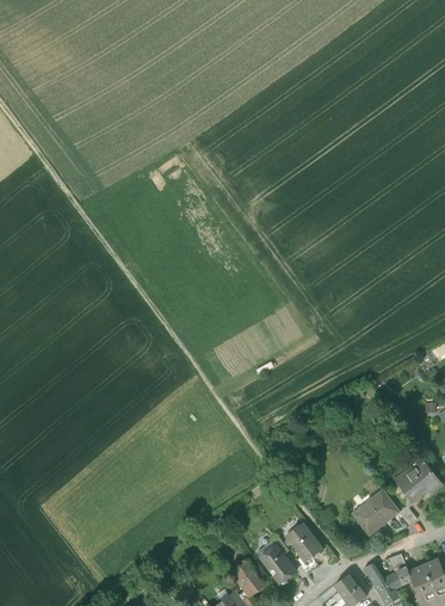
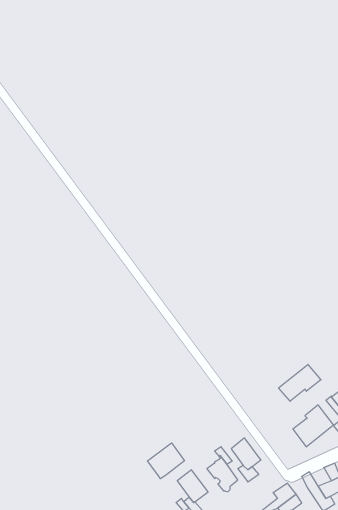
building: none -> [279,364,321,401]
building: none -> [147,443,184,479]

